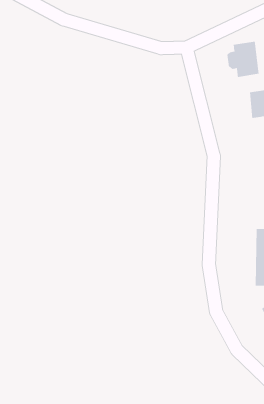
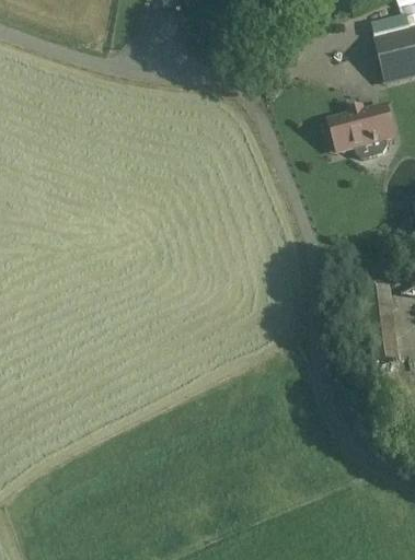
building: [227,41,259,78] -> none

